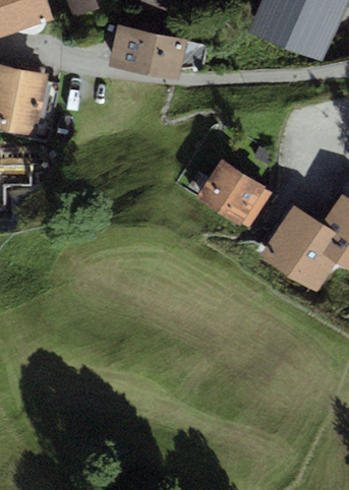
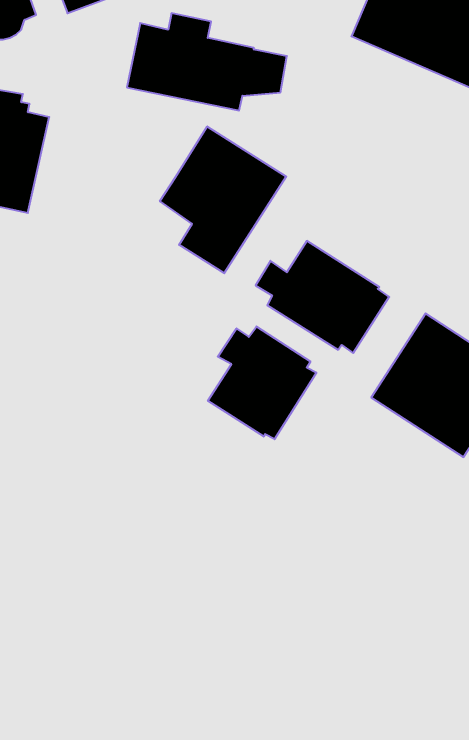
building: none -> [160,126,286,273]
building: none -> [208,326,316,439]

